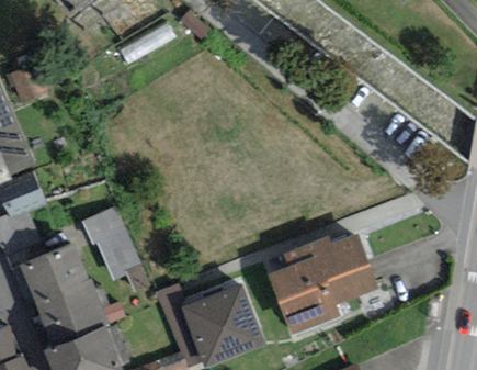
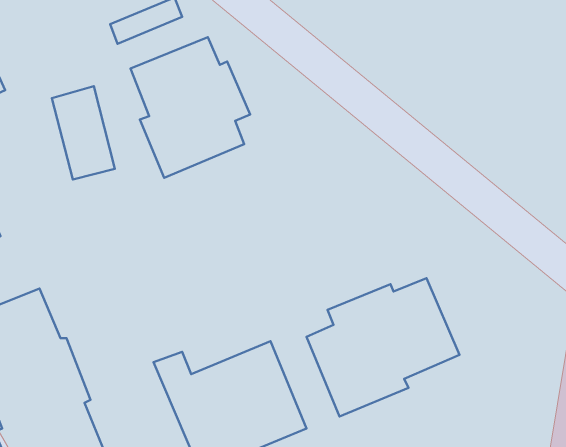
building: none -> [130,37,250,178]
building: [93,209,139,277] -> [52,86,115,179]

